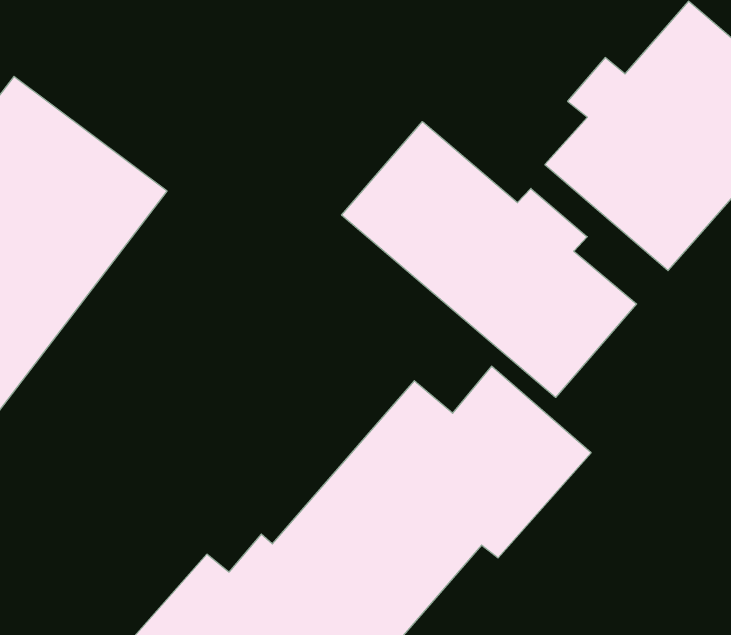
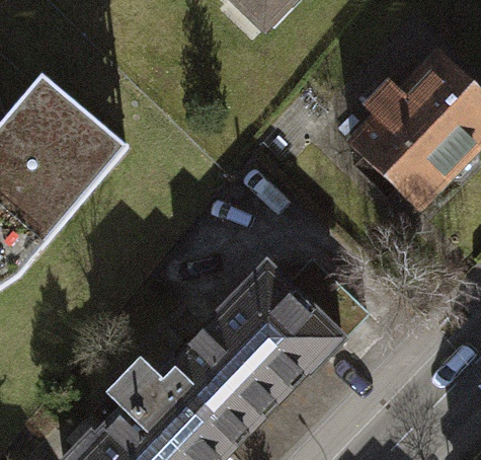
building: [342,122,637,397] -> none

